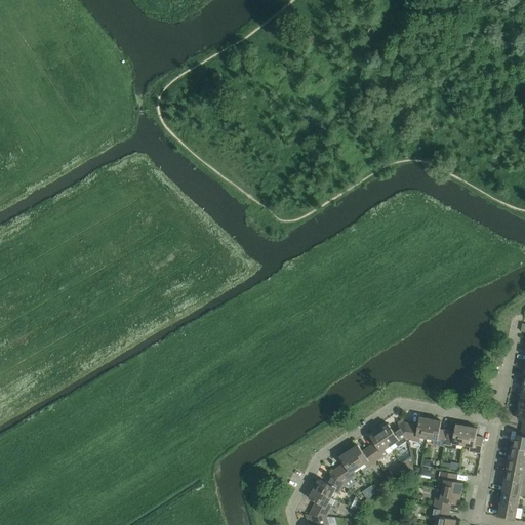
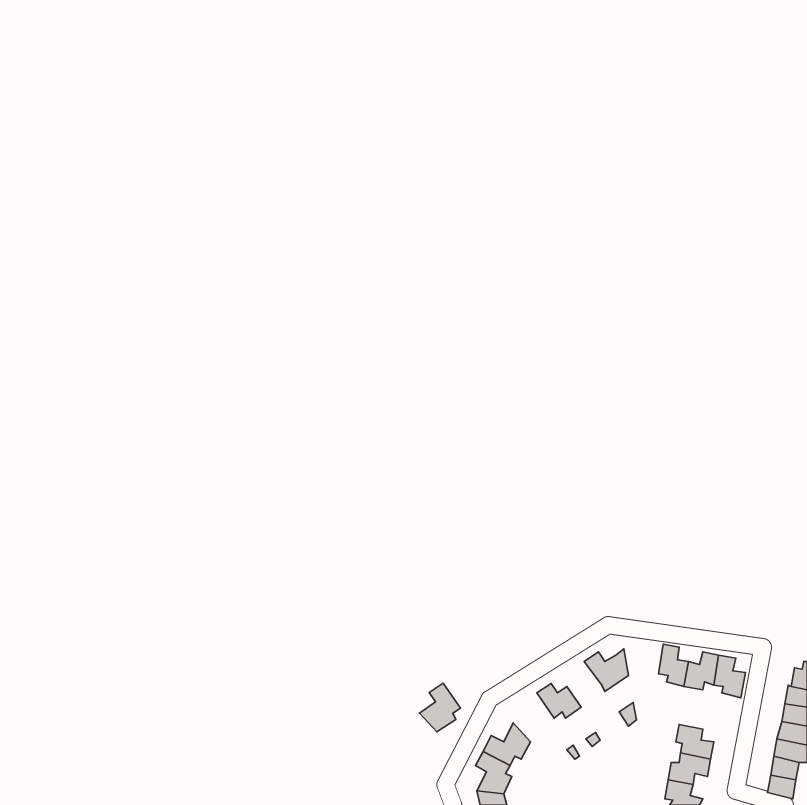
building: [405,416,431,441] -> none
building: [368,430,393,459] -> none
building: [333,450,360,482] -> [420,683,461,732]

